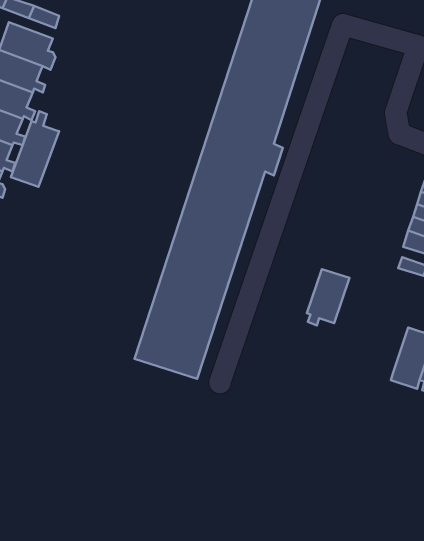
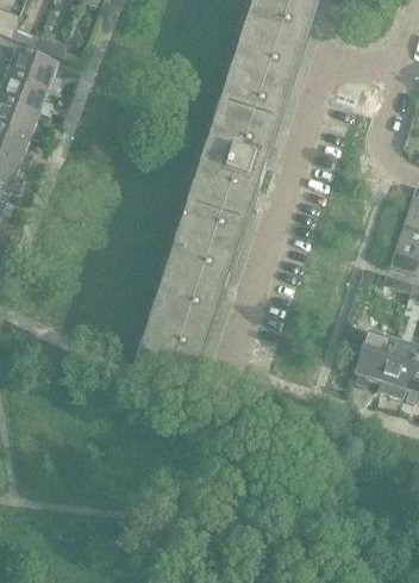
building: [11,111,59,187] -> none
building: [307,269,349,326] -> [352,331,393,385]

